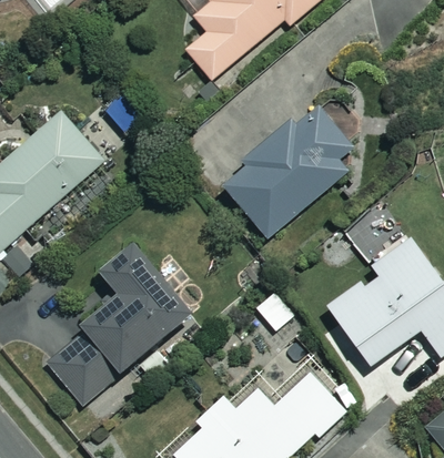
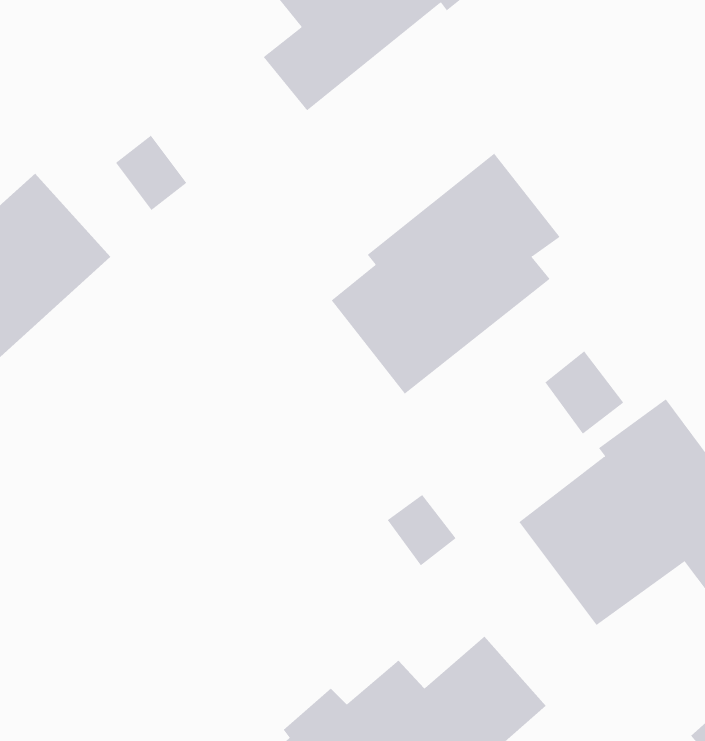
building: [47,243,193,406] -> none

